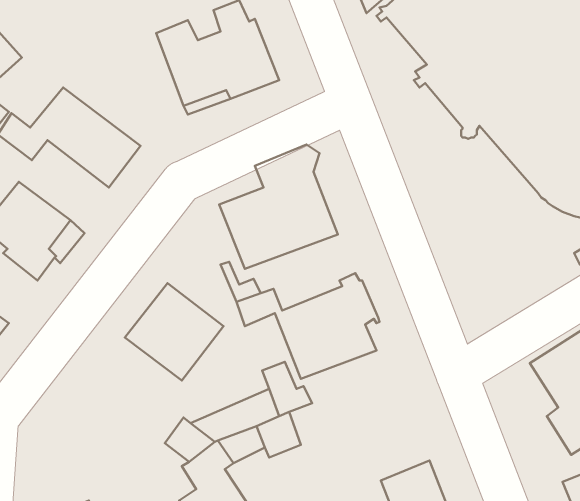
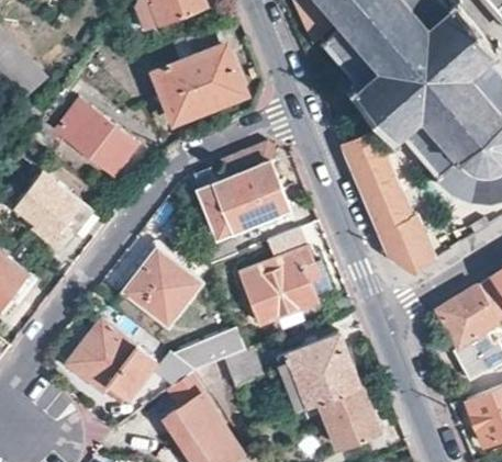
building: none -> [343,134,433,271]
building: none -> [69,322,157,405]
building: none -> [277,334,359,412]

